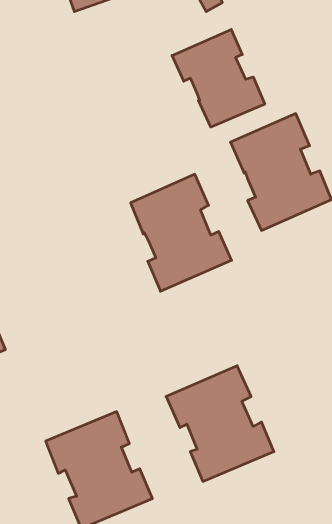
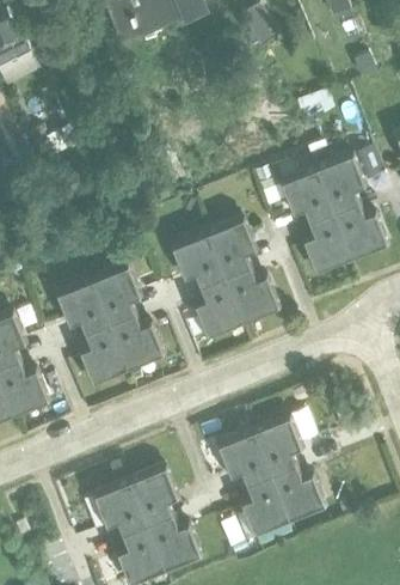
building: [172,29,265,127] -> none
building: none -> [61,262,167,383]

